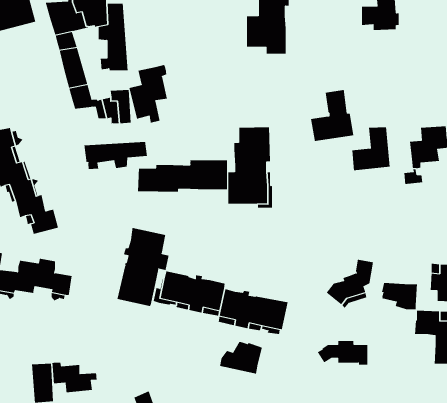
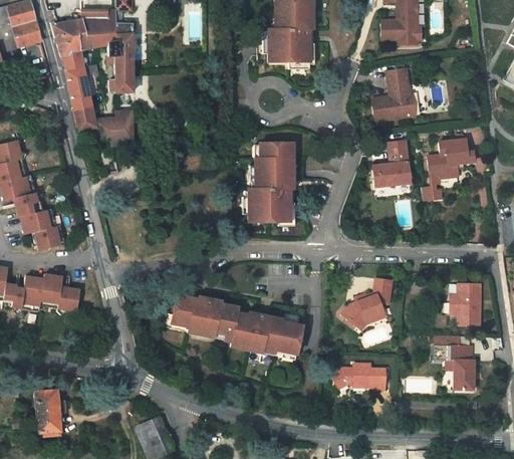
building: [129,64,167,123] -> none
building: [310,90,354,142] -> [368,70,414,124]
building: [84,141,147,170] -> none
building: [137,160,228,192] -> none
building: [117,227,169,307] -> none
building: [381,282,417,310] -> none
building: [220,341,262,374] -> none
building: [52,362,97,393] -> none

